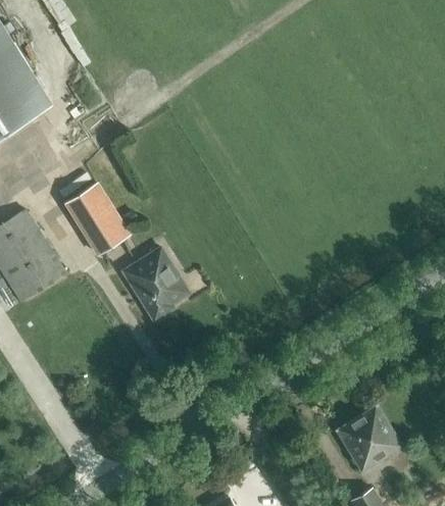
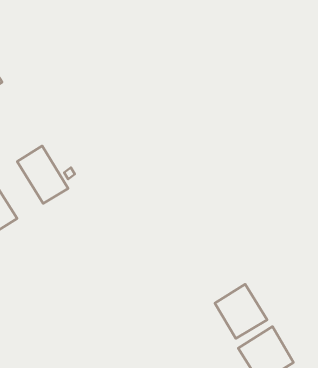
building: [123,249,189,318] -> none
building: none -> [215,284,267,339]

